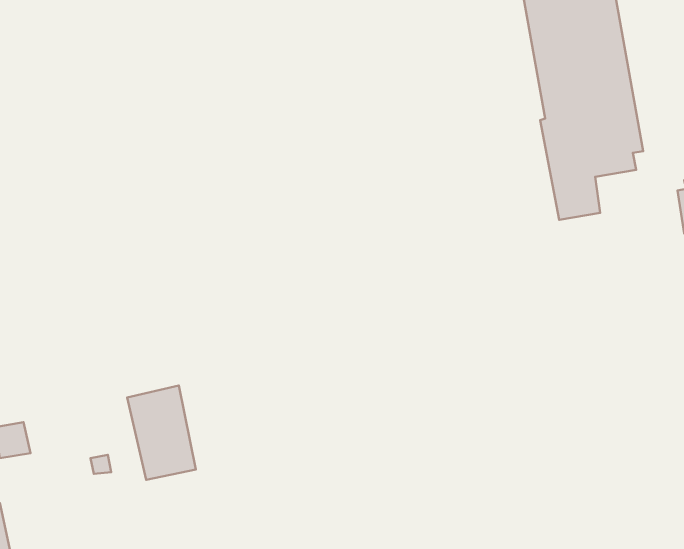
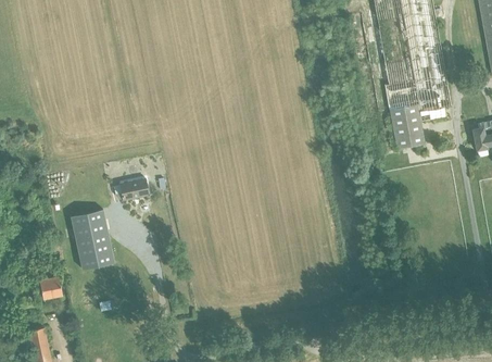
building: none -> [112,176,148,199]
building: [127,385,196,480] -> [72,211,115,271]

